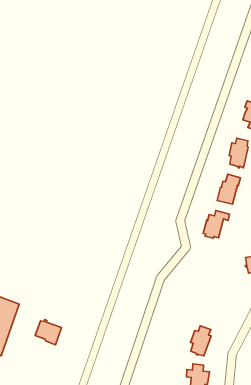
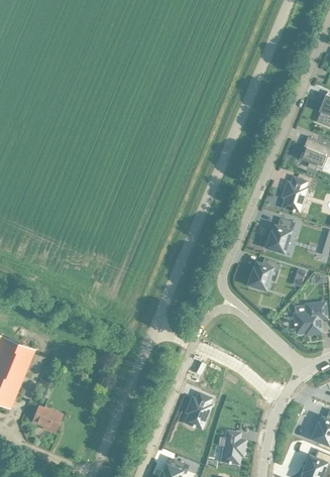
building: [35,320,61,345] -> [31,403,62,433]
building: [190,326,211,356] -> [186,393,210,428]

